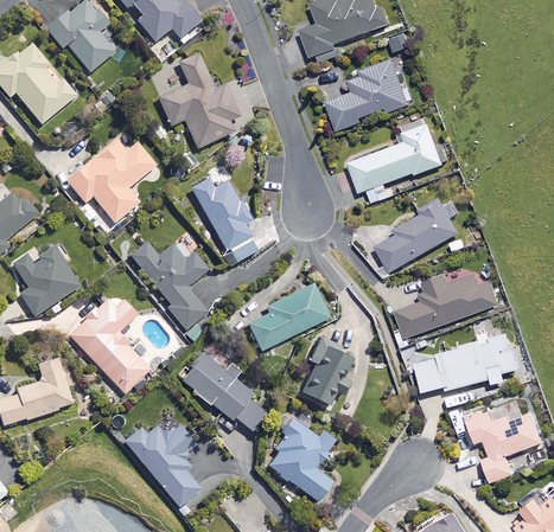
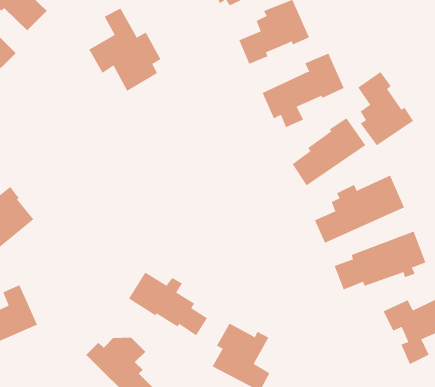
building: [66,137,155,222] -> none
building: none -> [357,71,414,146]
building: [191,178,257,262] -> none
building: [130,239,209,329] -> none
building: [247,282,329,350] -> none
building: [69,295,151,392] -> none
building: [300,335,351,405] -> none

